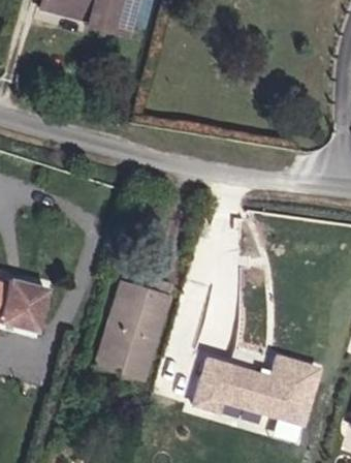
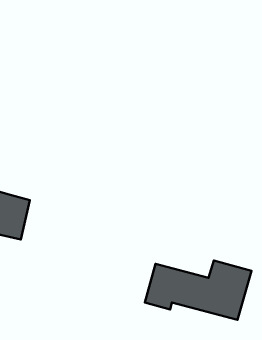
building: [101,277,174,374] -> none

